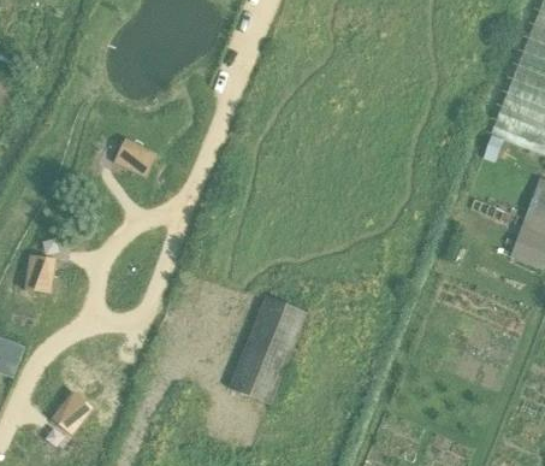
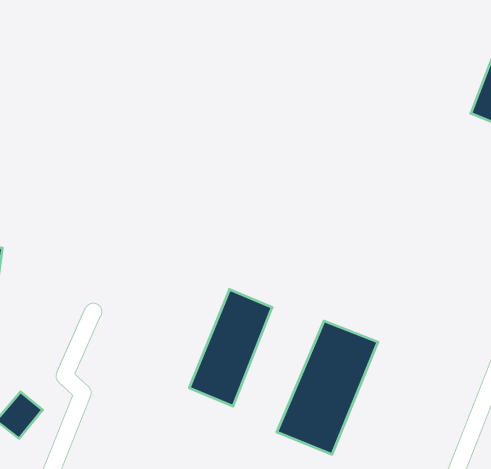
building: [113,136,158,177] -> none
building: none -> [277,321,378,454]

